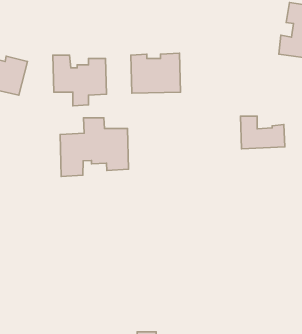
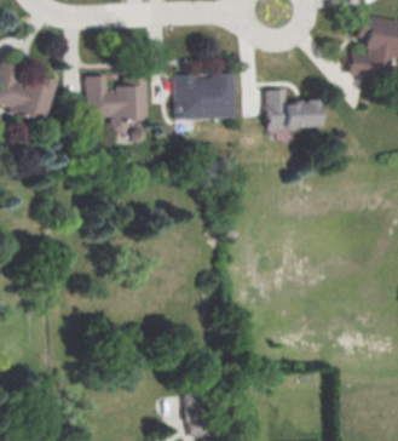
building: [240,116,285,149] -> [266,90,317,127]
building: [60,118,129,176] -> none

